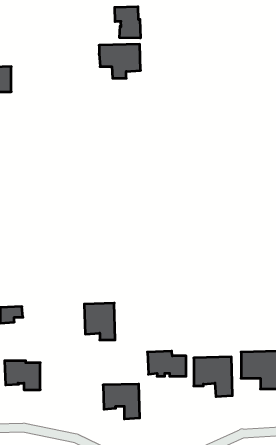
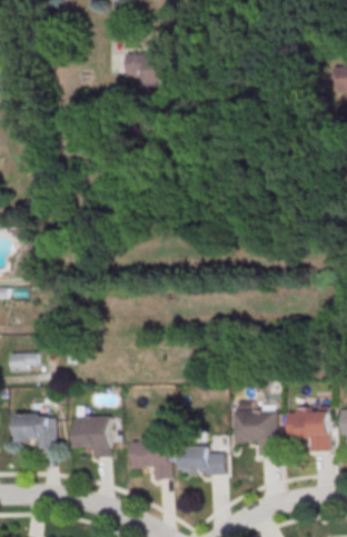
building: [115,7,140,38] -> none
building: [84,303,115,340] -> [73,415,109,457]
building: [147,351,186,376] -> [179,447,224,476]

